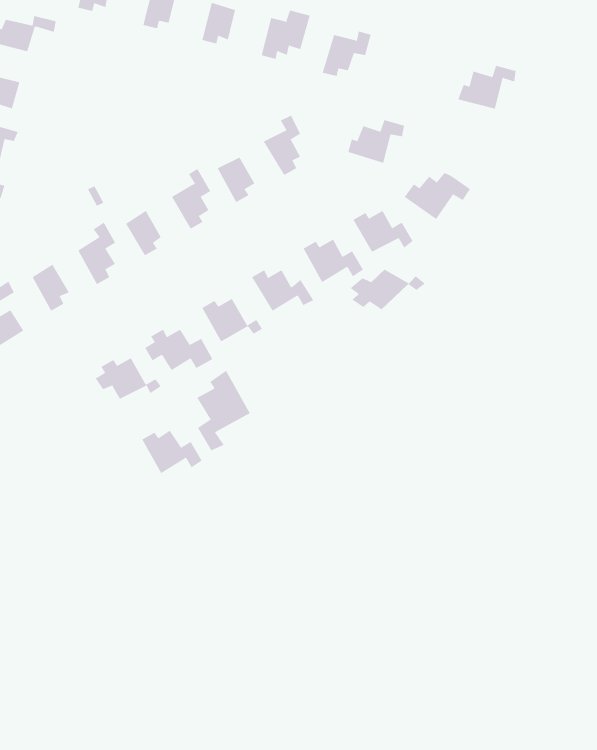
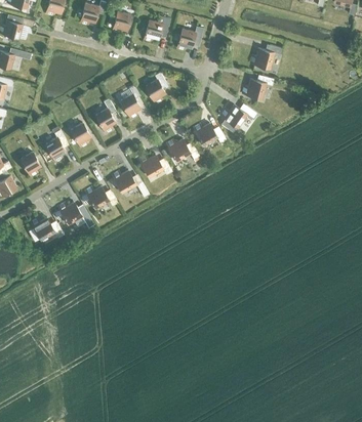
building: [347,120,405,164] -> [242,76,273,99]
building: [349,269,426,310] -> none
building: [197,370,250,451] -> none
building: [142,430,203,474] -> [31,217,64,241]

